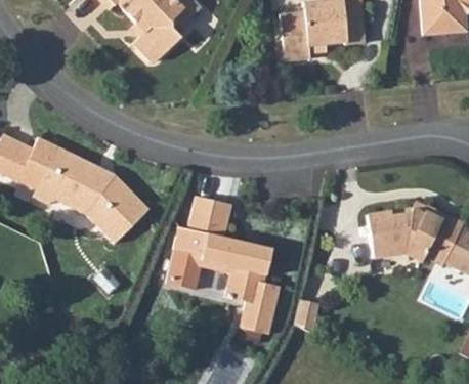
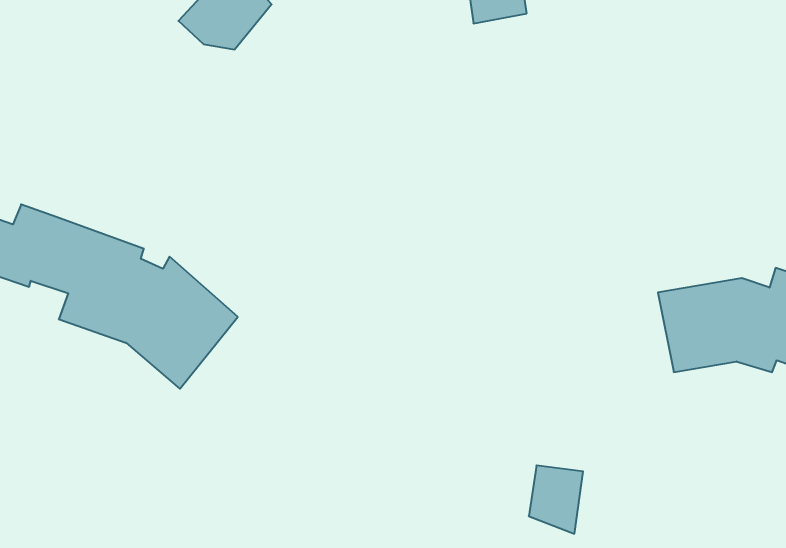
building: [165,198,281,332] -> none

